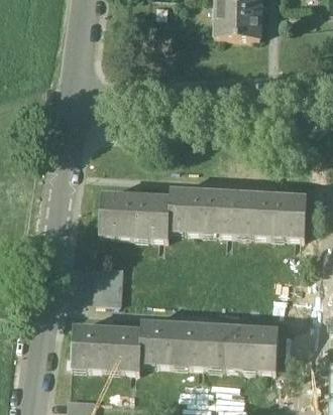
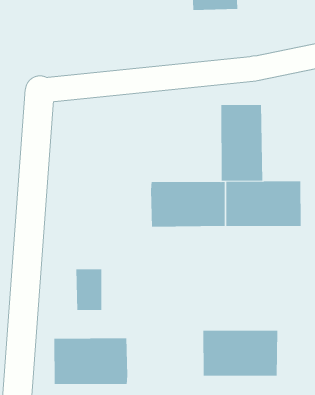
building: none -> [221,104,263,182]
building: [100,192,170,237] -> none
building: [140,320,210,366] -> none

